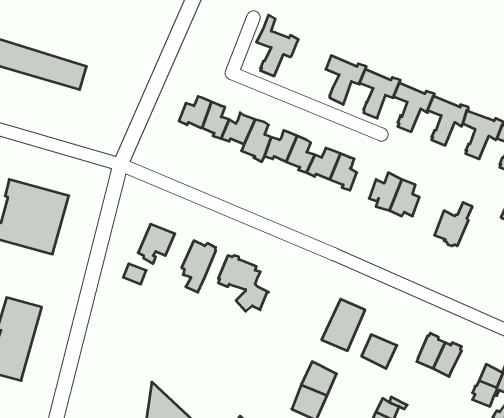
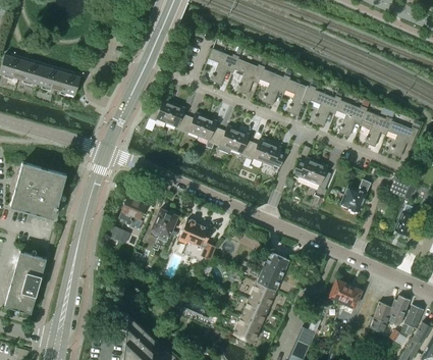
building: none -> [233,59,265,95]
building: [362,335,397,369] -> [250,282,276,308]

